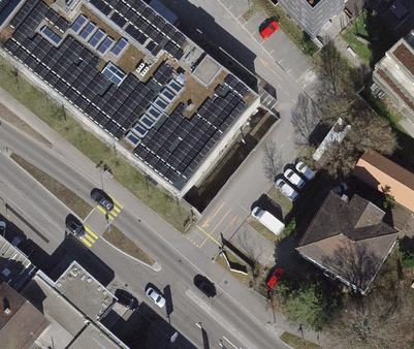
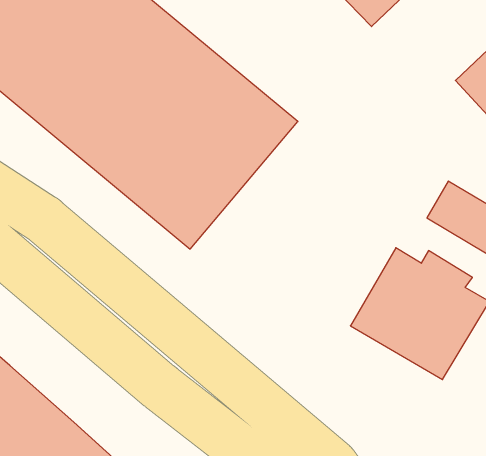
building: [50,256,116,319] -> none

